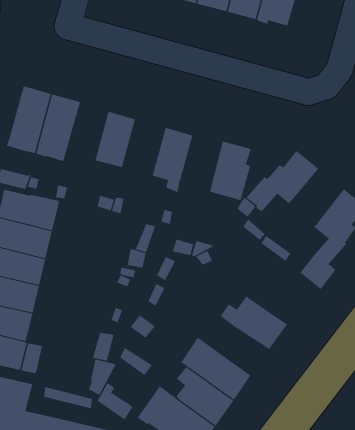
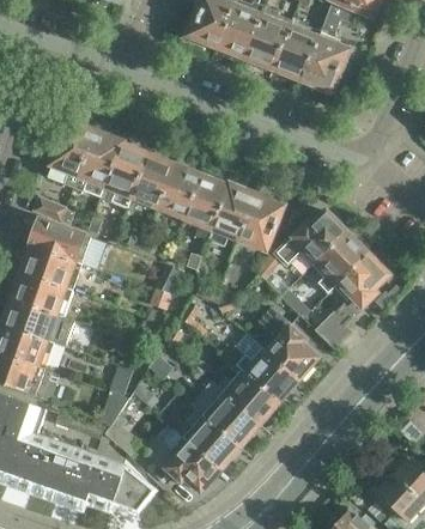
building: none -> [101,140,148,207]
building: none -> [157,163,202,219]
building: none -> [208,182,256,244]
building: none -> [315,230,369,294]
building: none -> [259,305,320,377]
building: none -> [218,369,280,422]

